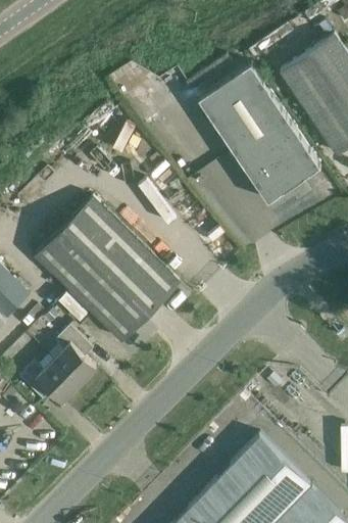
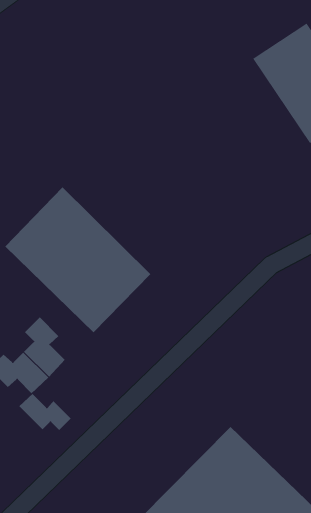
building: [199,65,321,203] -> none
building: none -> [18,393,72,431]

